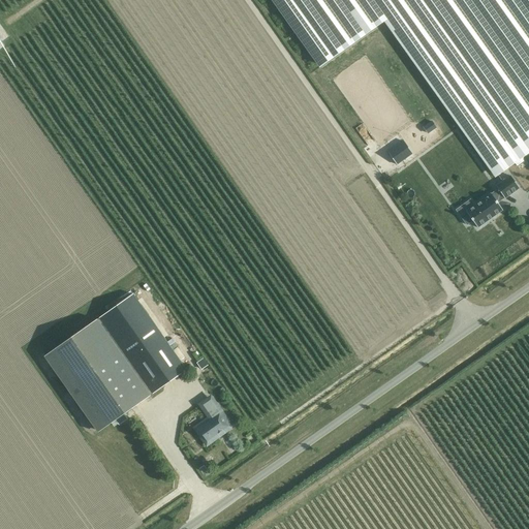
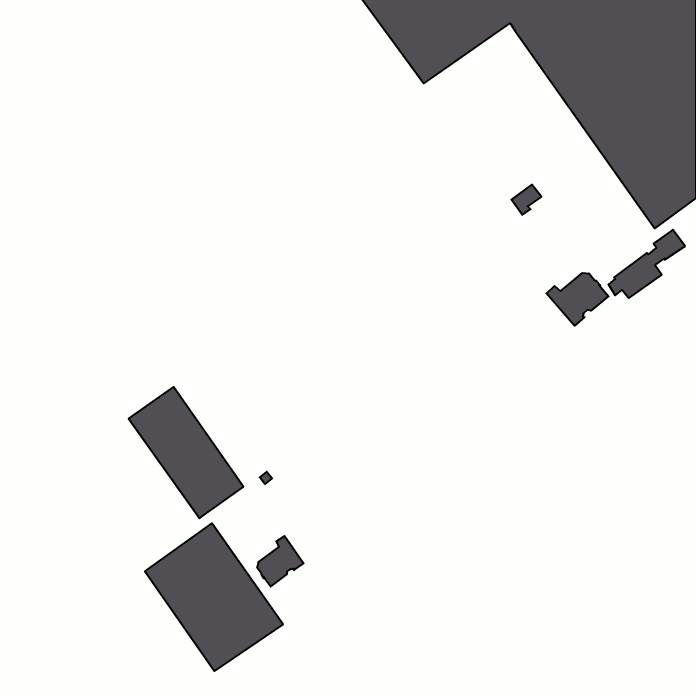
building: none -> [546,273,609,326]
building: [44,317,149,429] -> [145,523,283,671]

